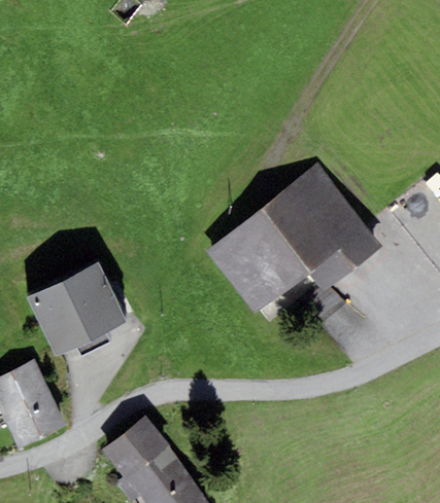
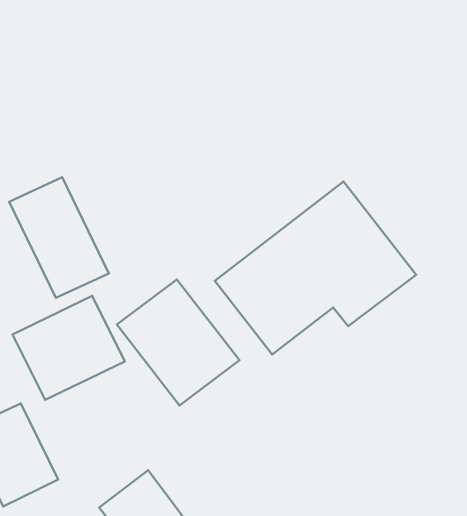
building: none -> [9,177,109,298]
building: none -> [117,279,239,405]

